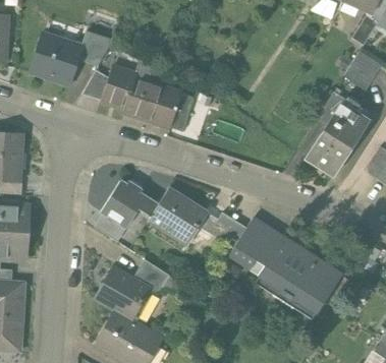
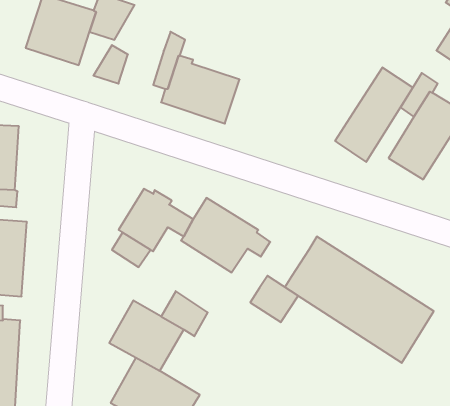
building: [101,67,135,108] -> none
building: none -> [335,67,413,162]
building: [210,213,246,248] -> [250,276,298,322]

